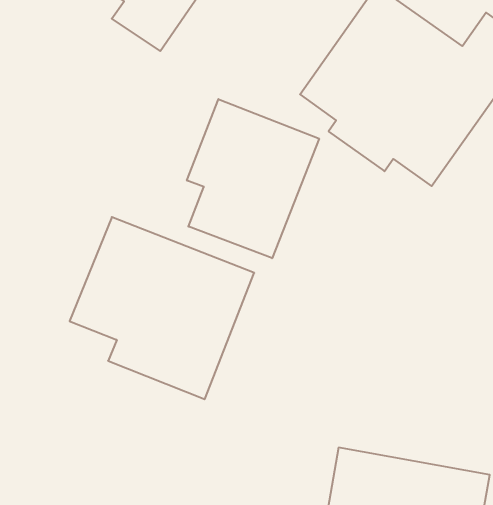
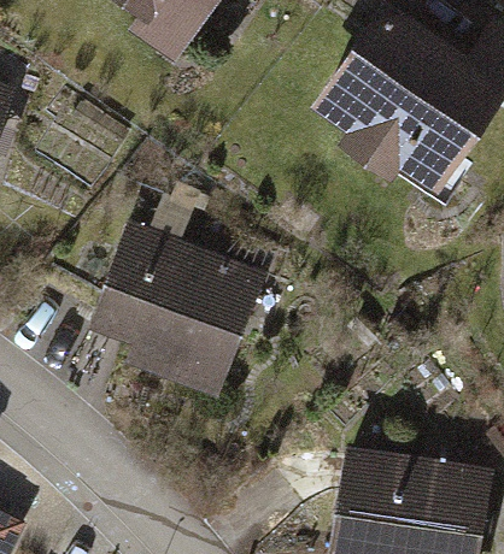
building: [187,99,319,258] -> none

